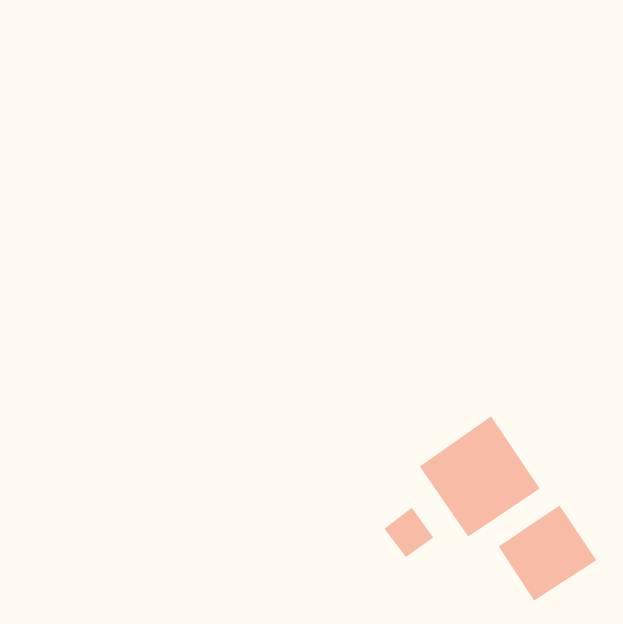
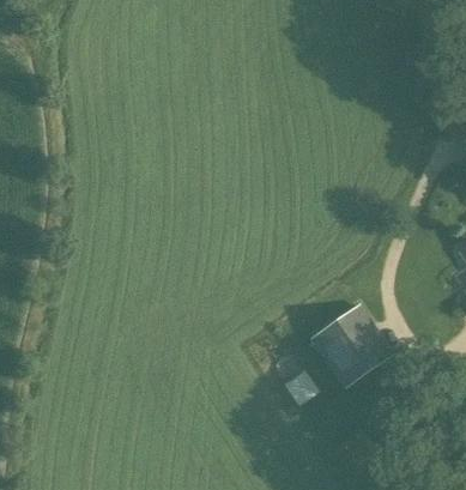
building: [498,504,597,602] -> none

